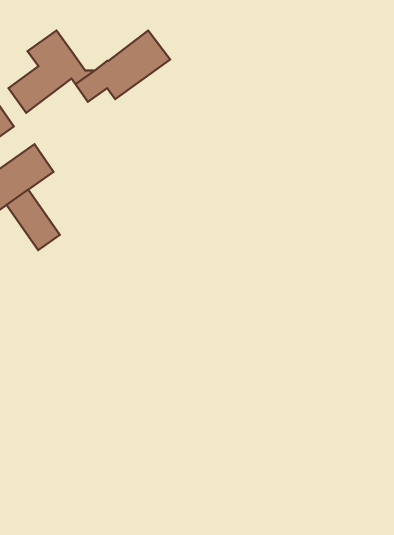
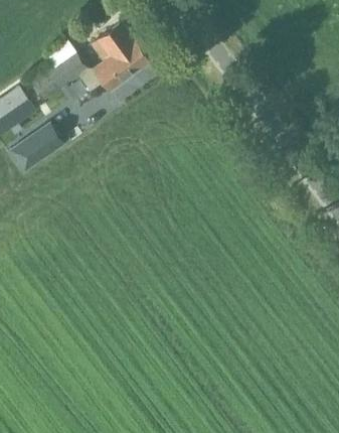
building: none -> [91,22,133,61]
building: [6,190,60,250] -> none

